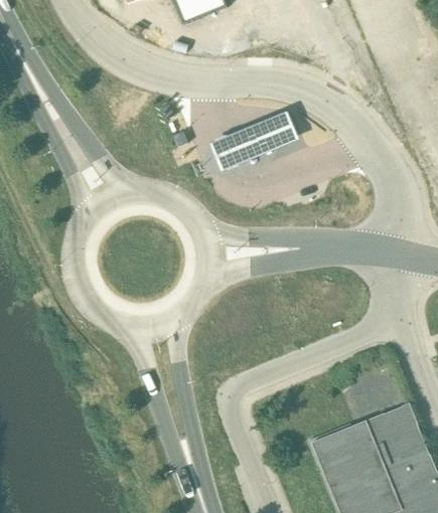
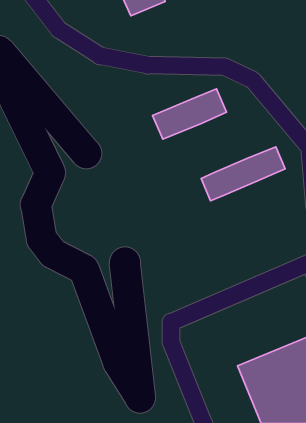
building: none -> [201,147,285,201]

